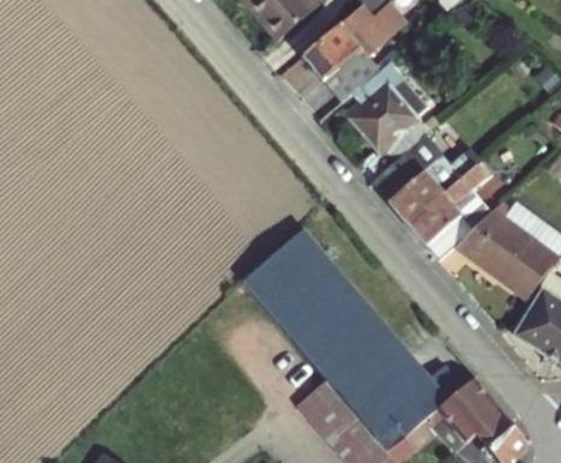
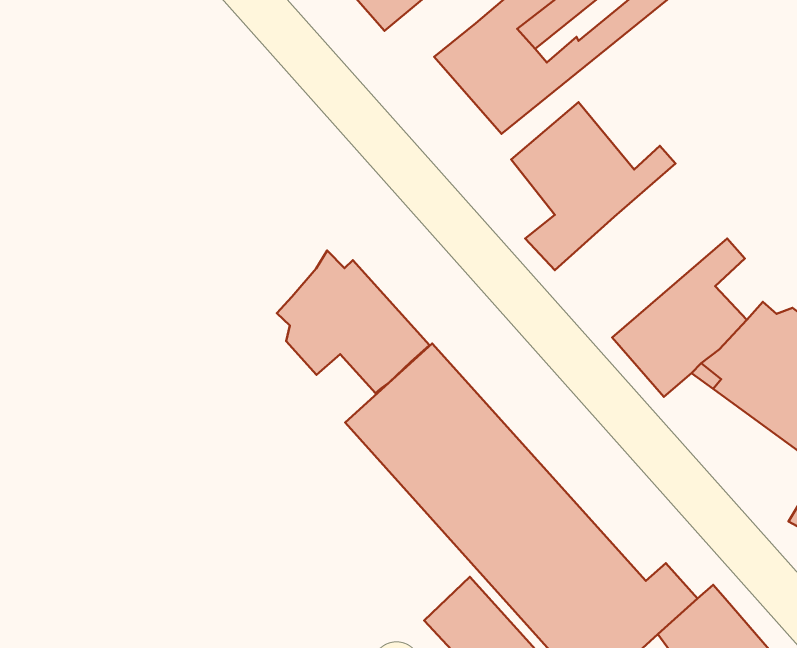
building: [376,155,481,228] -> none
building: none -> [277,251,429,393]

